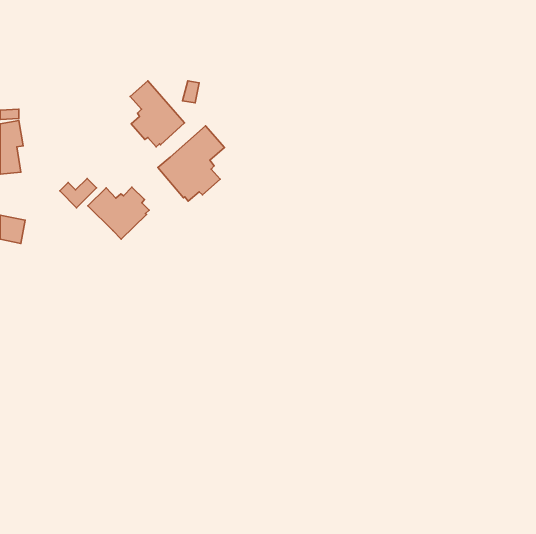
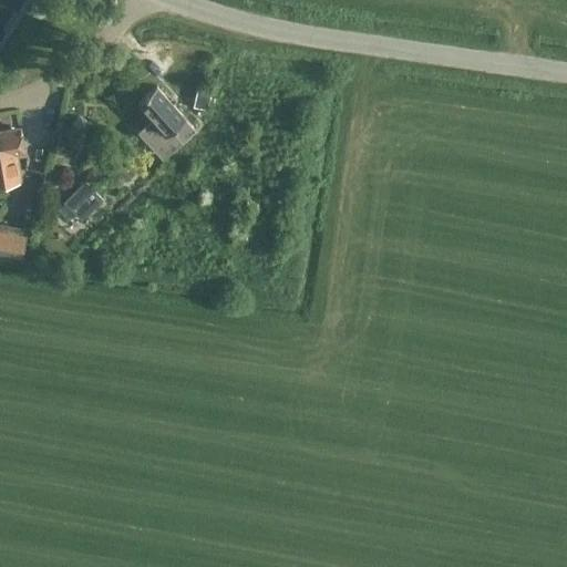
building: [158,126,225,201] -> none
building: [88,187,149,239] -> none

